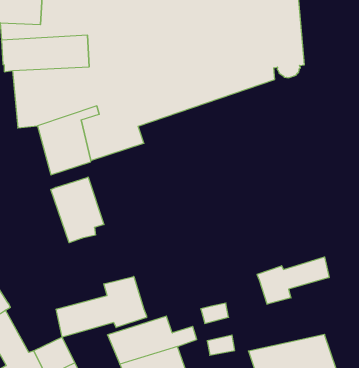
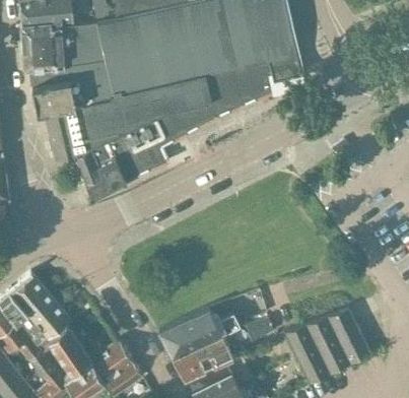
building: [51,177,104,243] -> none
building: [257,257,329,304] -> none
building: [56,276,147,337] -> none

